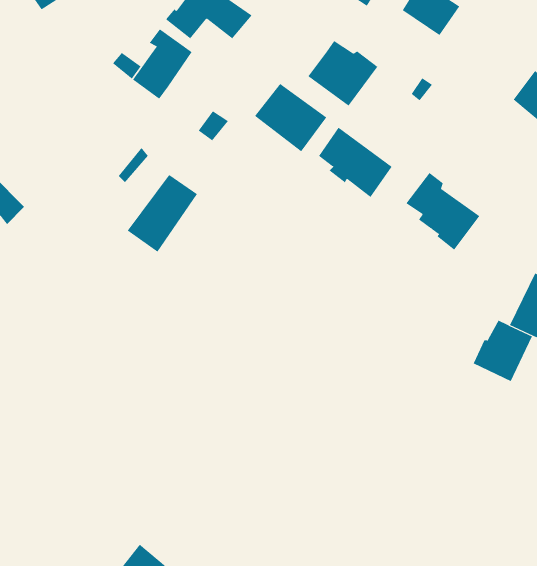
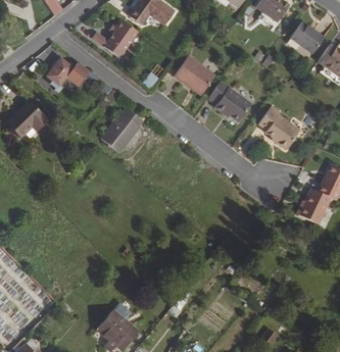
building: none -> [291,24,323,55]
building: [307,40,378,107] -> none
building: none -> [48,60,91,88]

